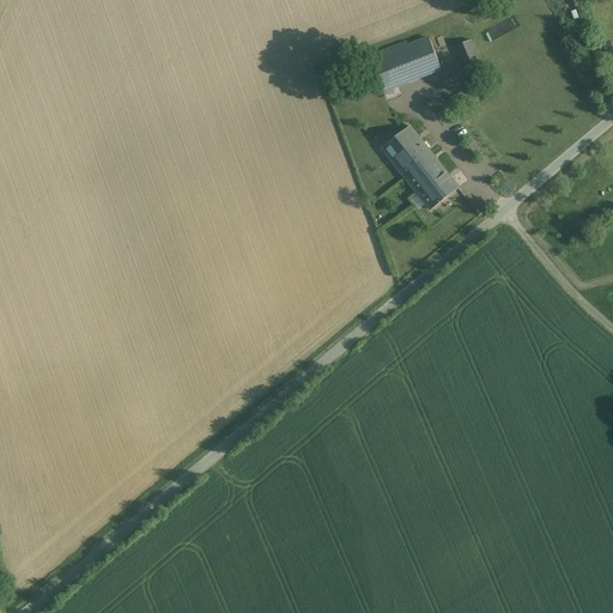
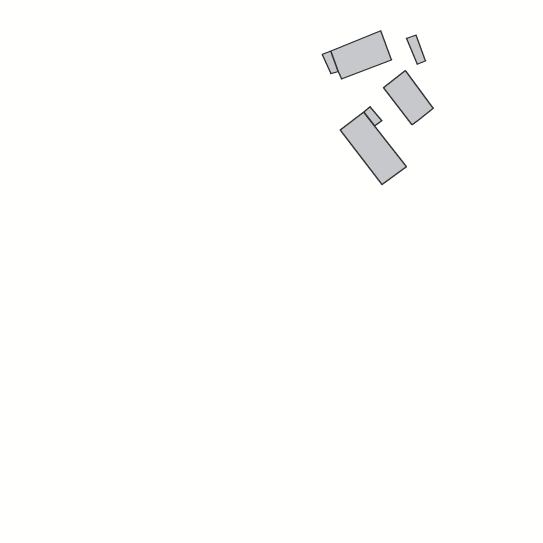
building: none -> [384,71,433,125]

